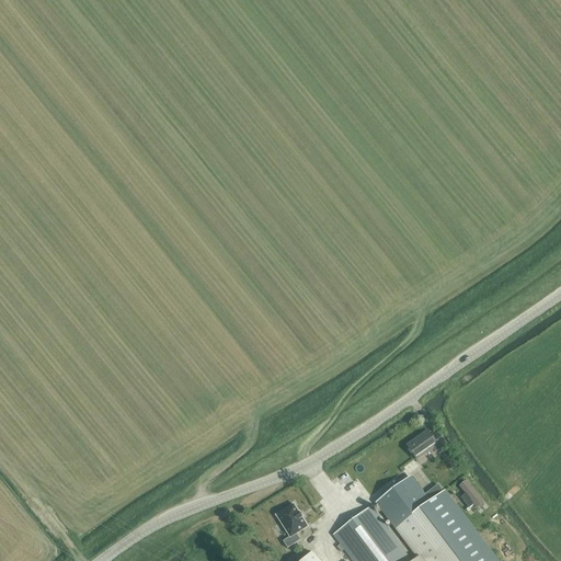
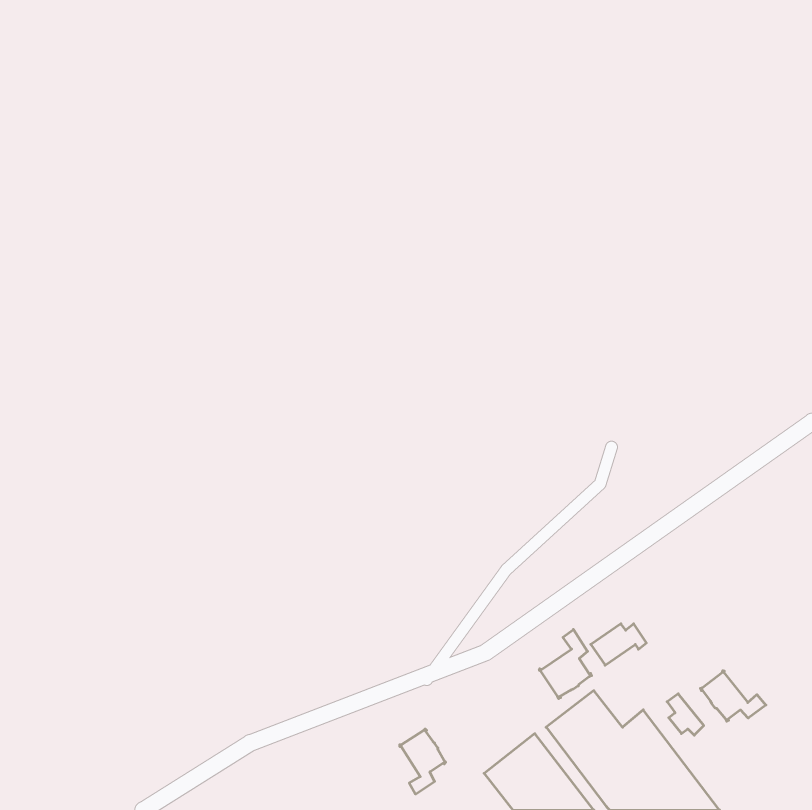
building: none -> [539,629,592,699]
building: none -> [700,671,766,721]

